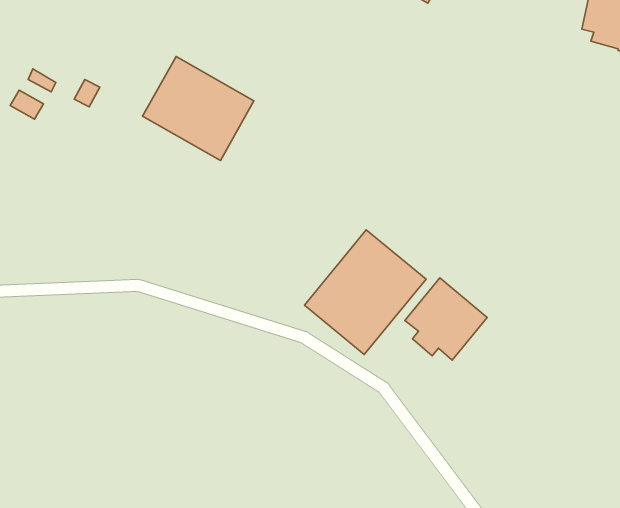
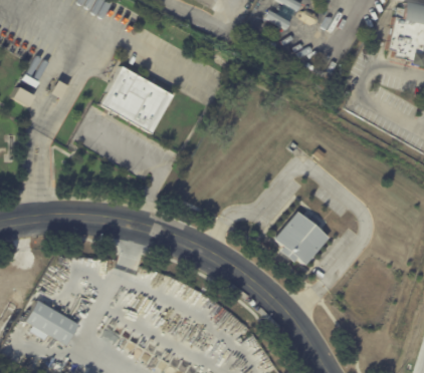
building: [304,230,426,355] -> none
building: none -> [25,301,77,344]

